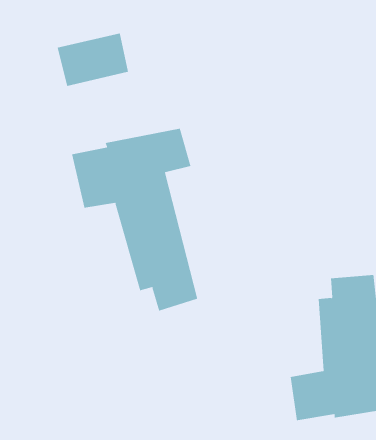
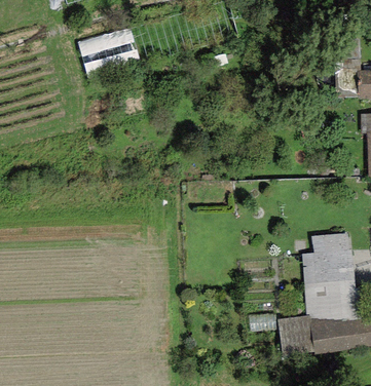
building: [72,128,198,311] -> none

